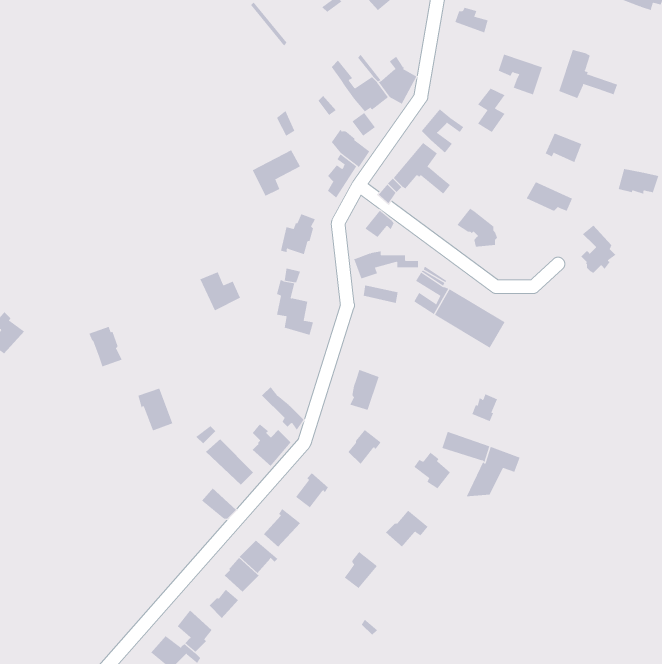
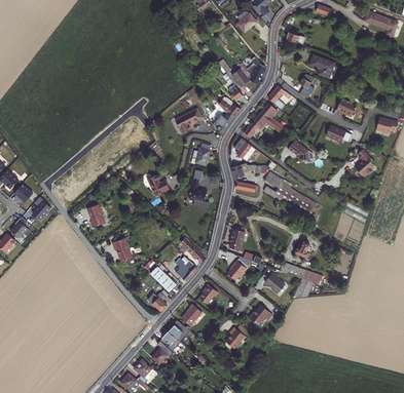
building: [558,49,618,99] -> none

